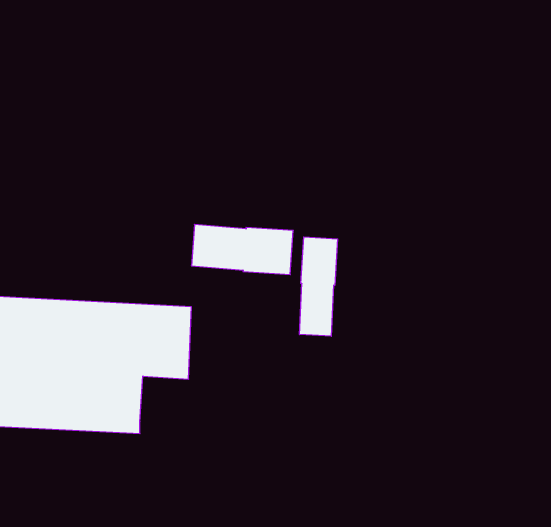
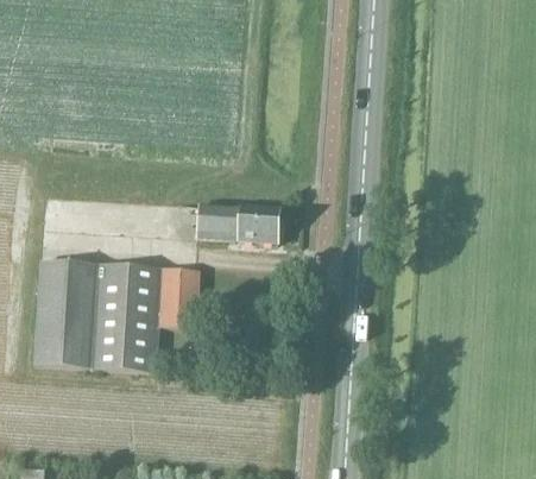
building: [300,237,338,336] -> none

